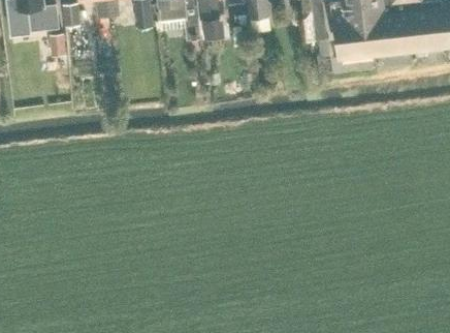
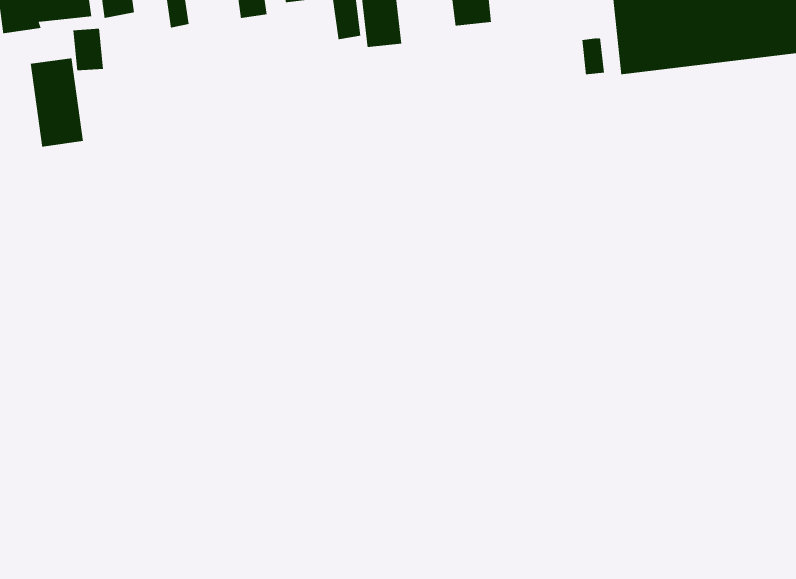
building: none -> [30,57,83,147]

